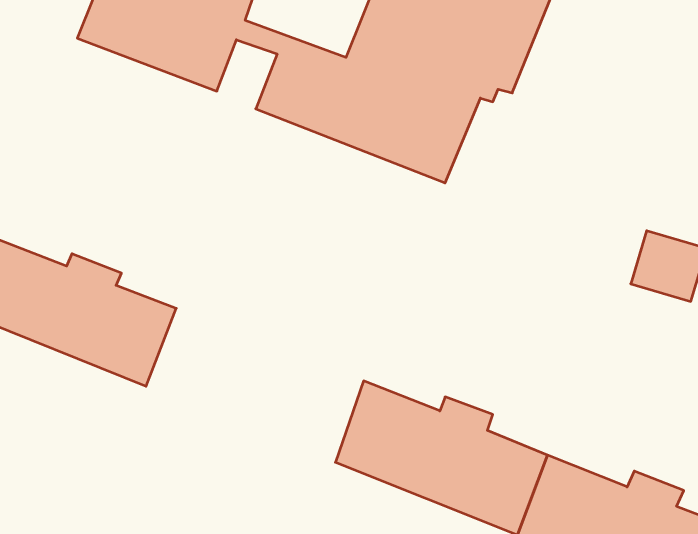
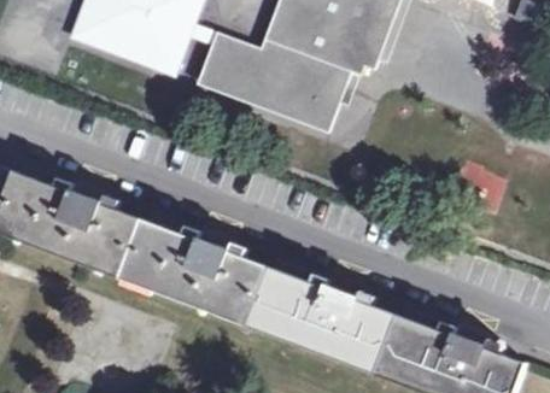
building: none -> [122,217,270,322]

